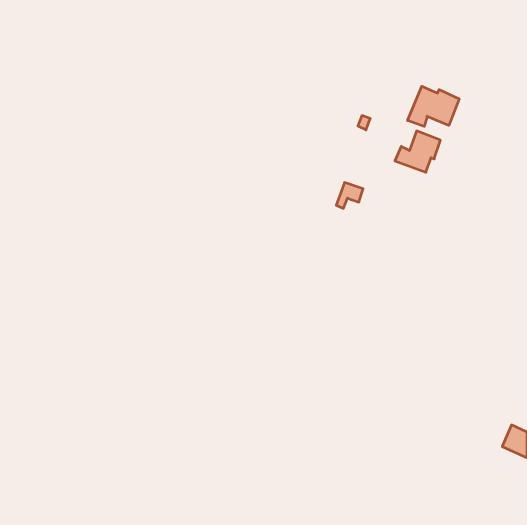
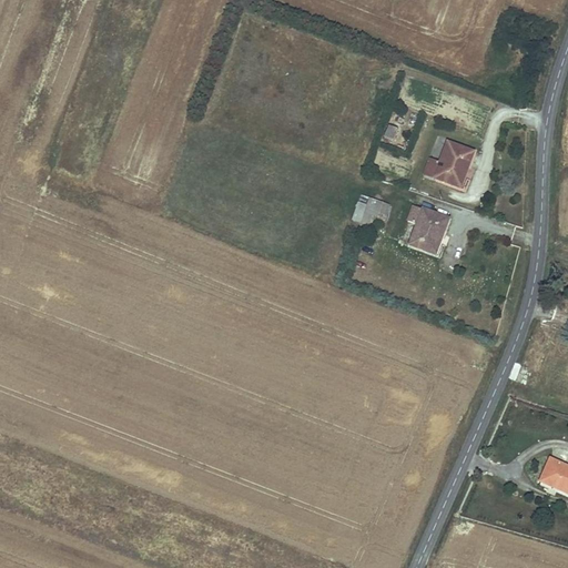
building: [408,86,459,126] -> none
building: none -> [408,204,449,252]

